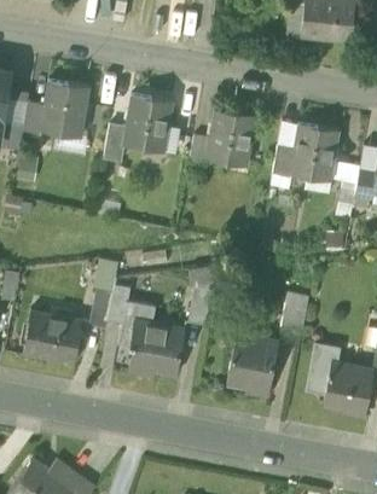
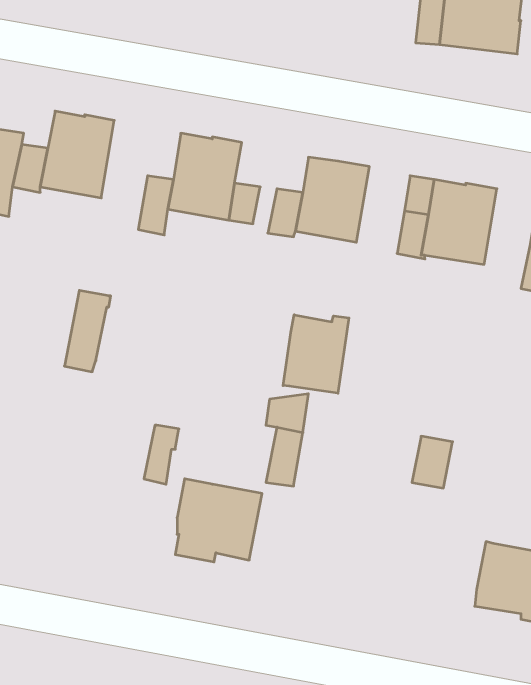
building: none -> [283,315,349,393]
building: [87,274,117,327] -> [64,290,111,372]
building: [117,301,156,345] -> none
building: [23,312,82,360] -> none
building: [227,333,278,395] -> none
building: [306,344,338,393] -> none

